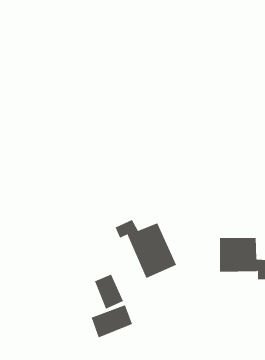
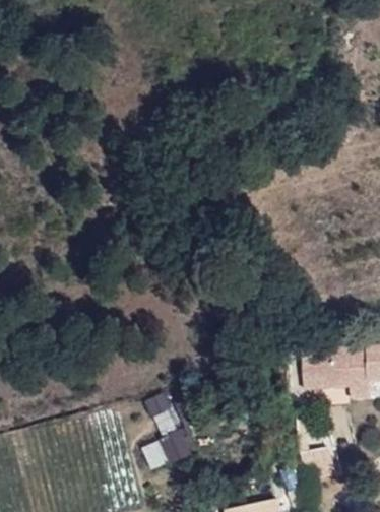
building: [115,219,177,279] -> none

